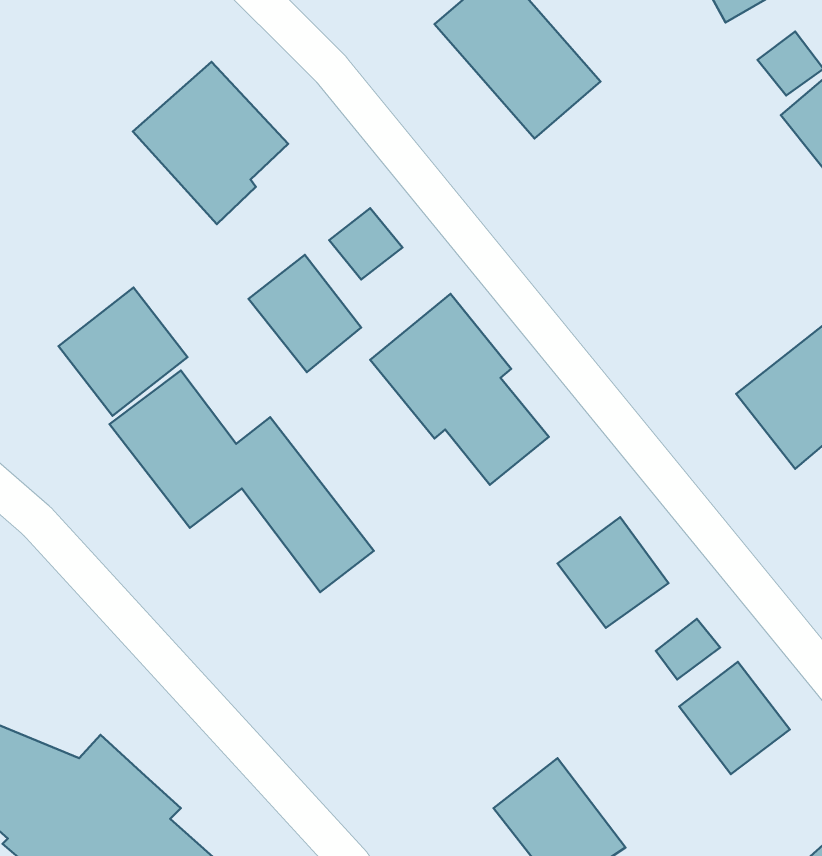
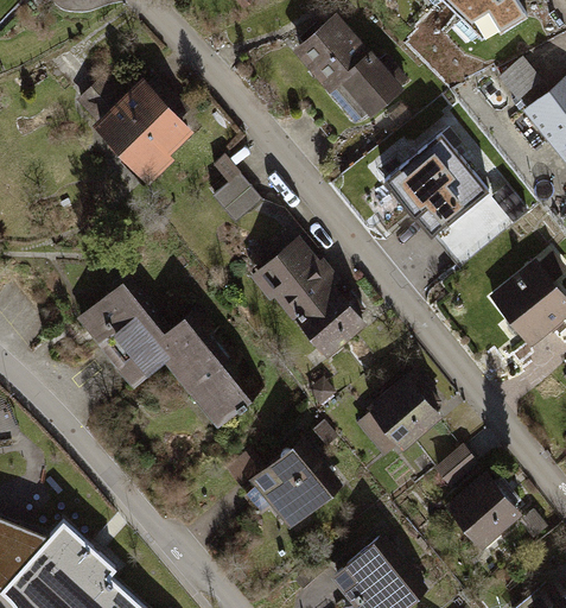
building: none -> [390,127,492,241]
building: [249,255,361,372] -> none
building: [58,288,187,416] -> none
building: none -> [249,431,349,527]

